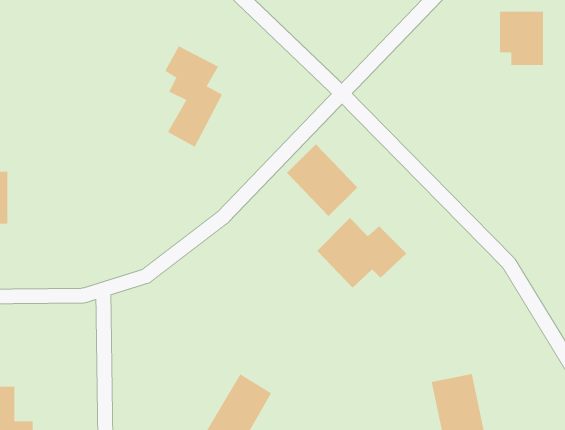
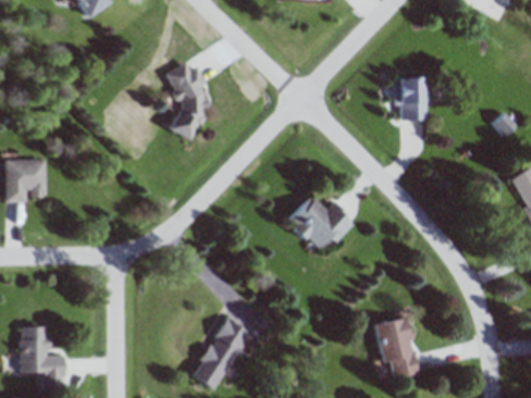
building: [499,11,544,65] -> [394,78,429,121]
building: [286,144,358,217] -> none

